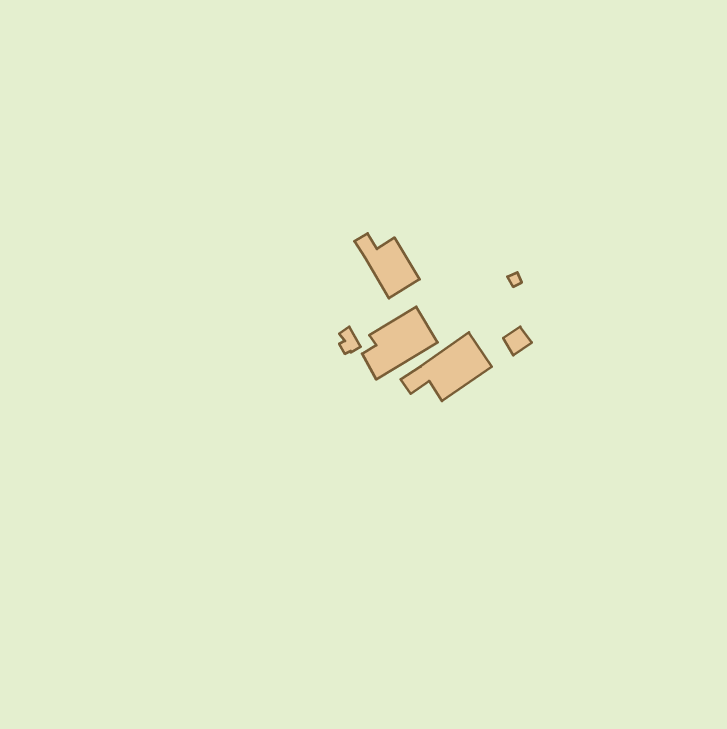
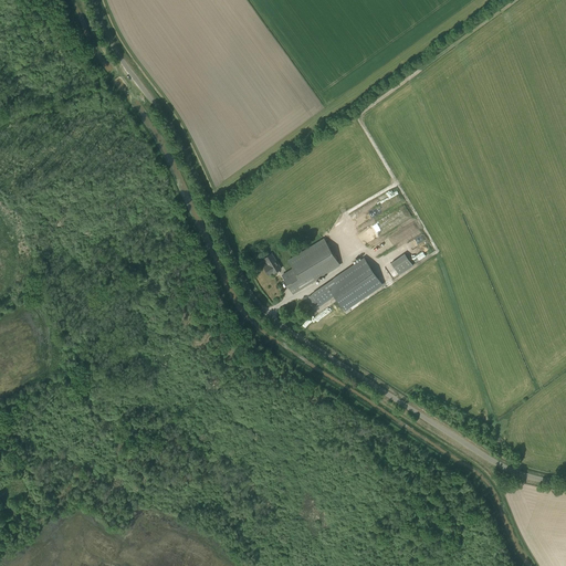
building: [354,233,420,298] -> none

